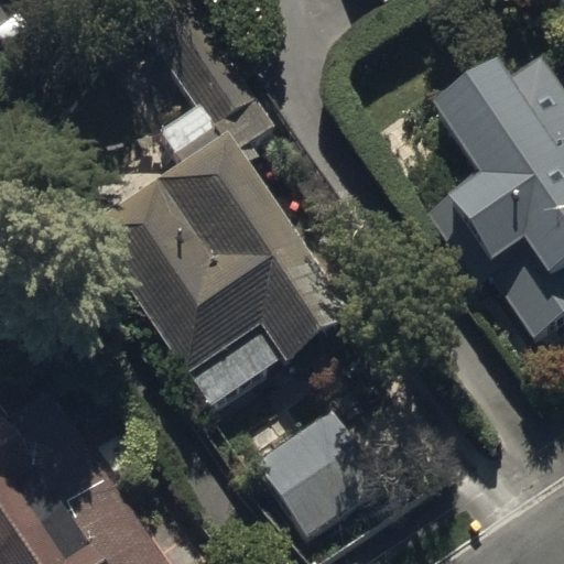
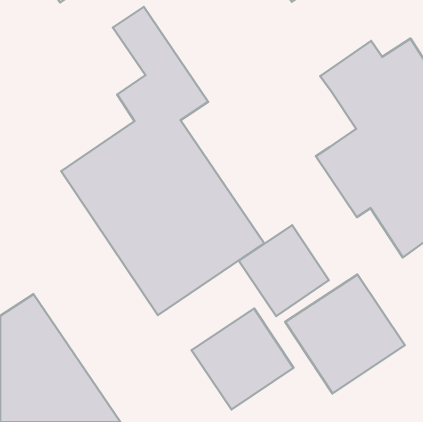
building: none -> [239,225,329,316]
building: none -> [285,274,405,394]

